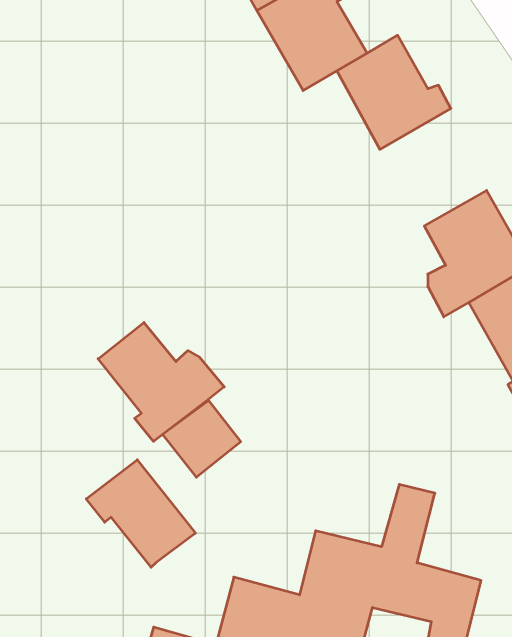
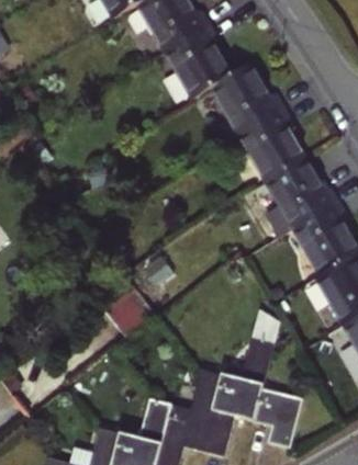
building: none -> [238,109,304,181]
building: [98,322,224,441] -> none
building: [86,460,195,567] -> none

